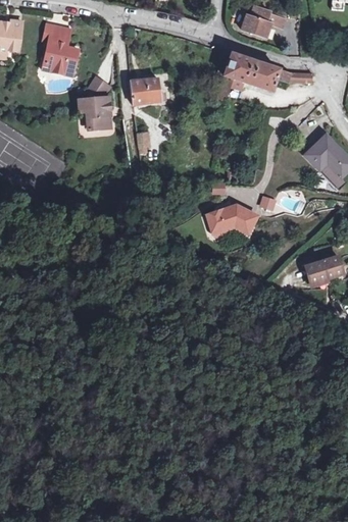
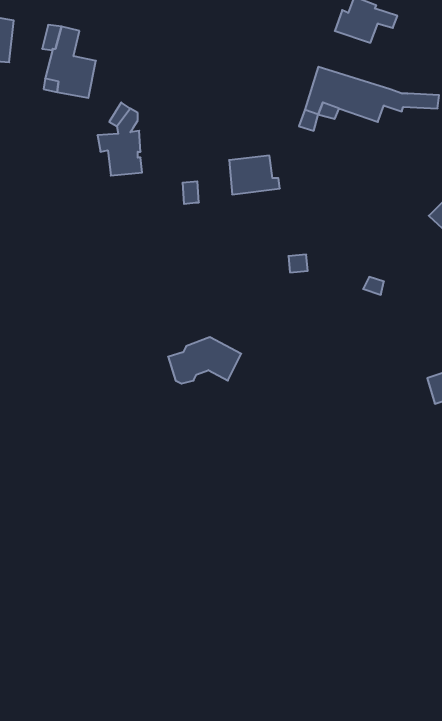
building: [132,77,166,104] -> [229,156,280,194]
building: [208,204,258,236] -> [168,337,241,384]

